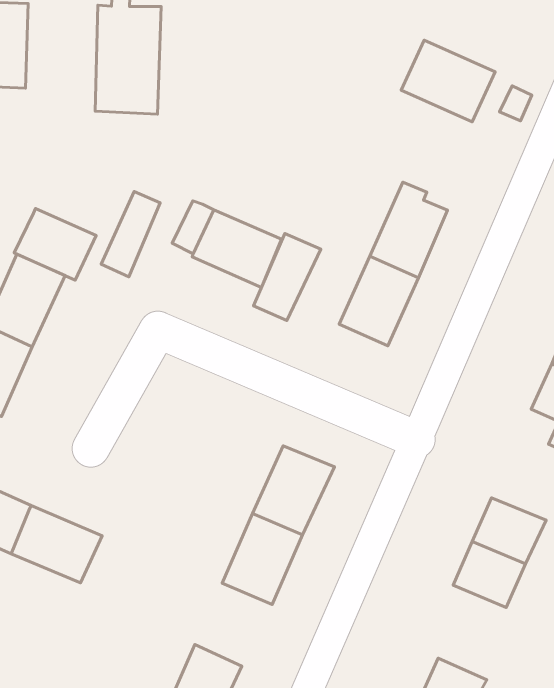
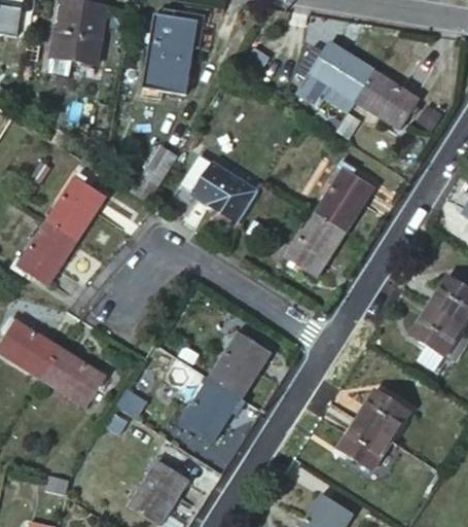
building: none -> [297,42,374,112]
building: [14,208,96,280] -> none
building: [254,234,321,321] -> none

